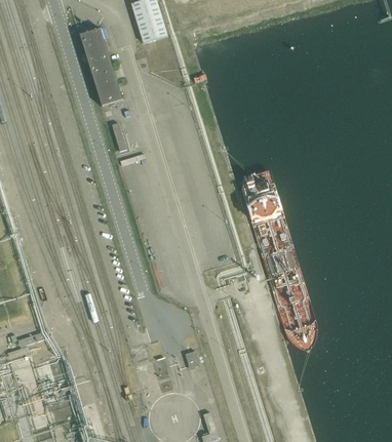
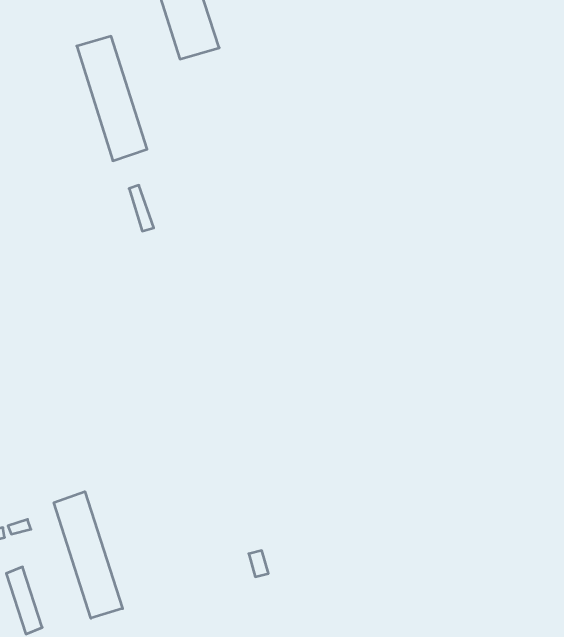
building: none -> [54,492,123,618]

